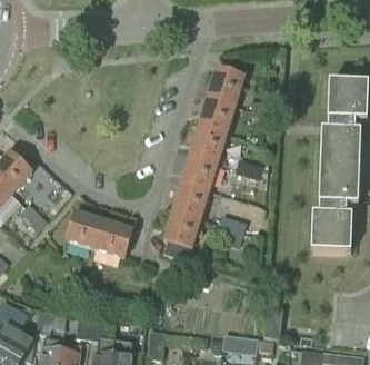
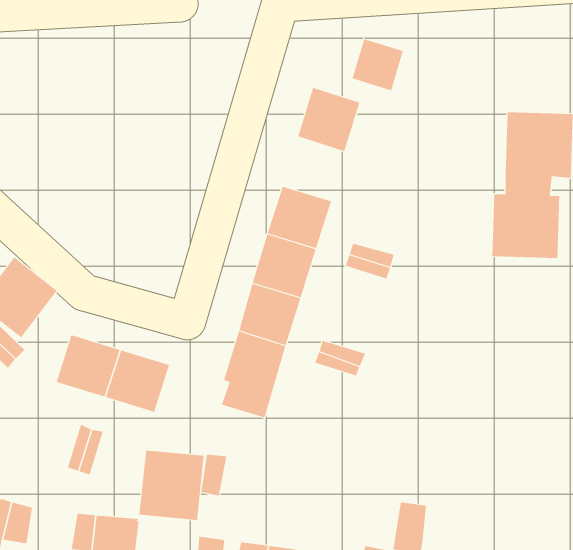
building: none -> [352,38,404,91]
building: [198,95,234,132] -> none
building: [311,165,359,251] -> none
building: none -> [139,450,204,521]

